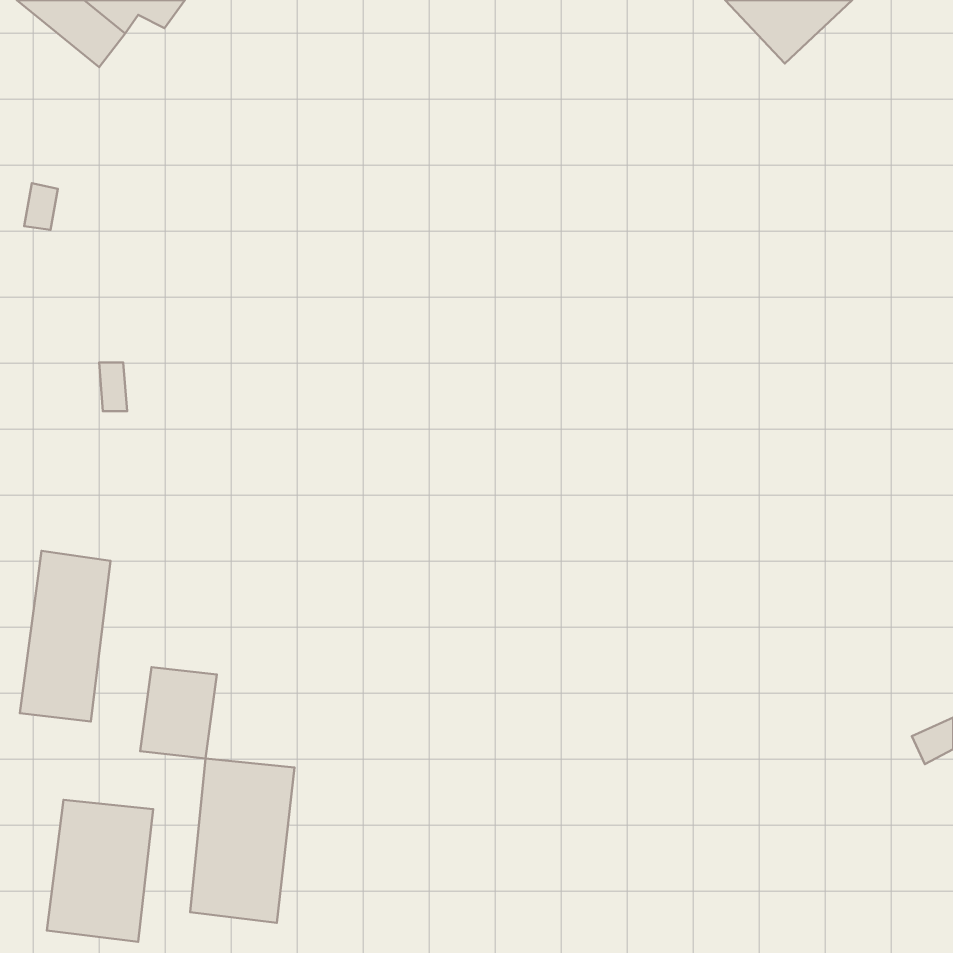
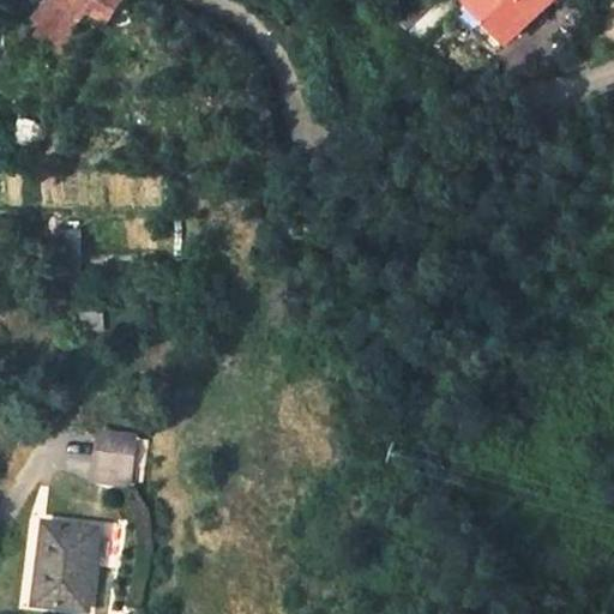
building: [20,551,111,721] -> none
building: [190,759,294,923] -> none

